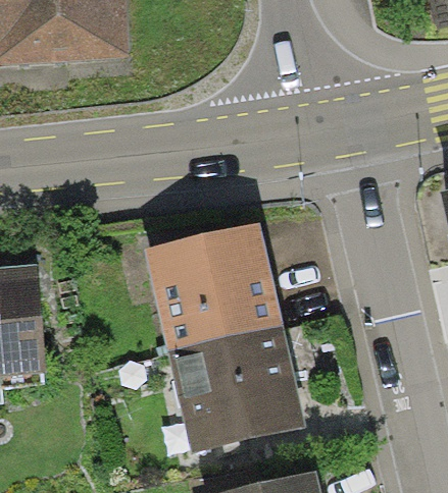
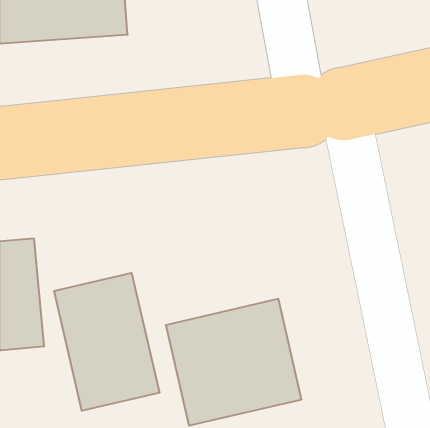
building: [146,221,284,349] -> none
building: none -> [54,273,159,411]

